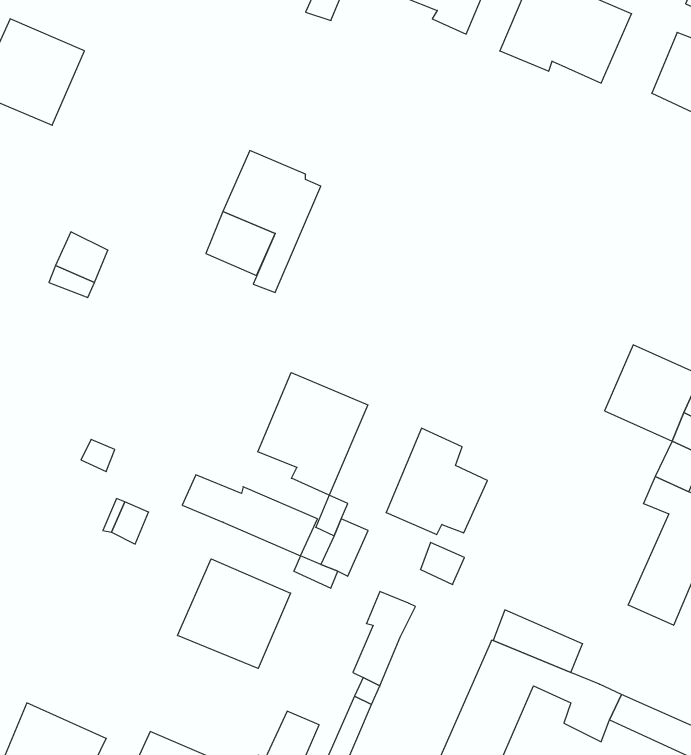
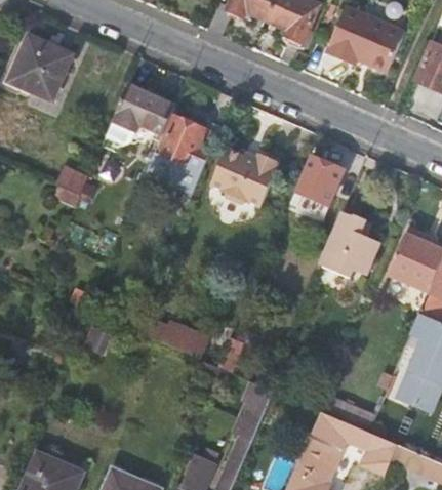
building: none -> [105,82,176,140]
building: none -> [210,146,278,205]
building: none -> [292,155,345,218]
building: [258,373,368,495] -> none
building: [386,428,487,535] -> [319,209,380,274]
building: [178,559,291,668] -> none

